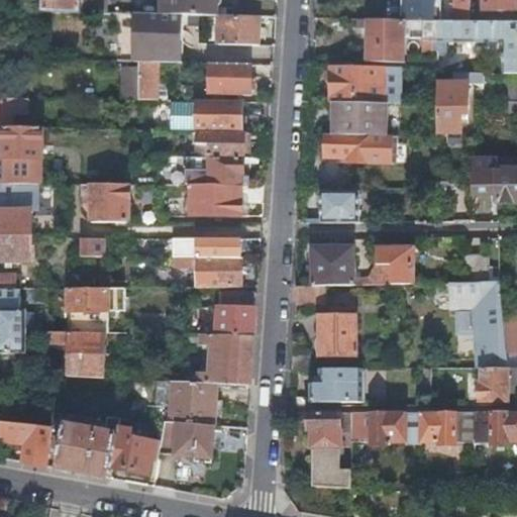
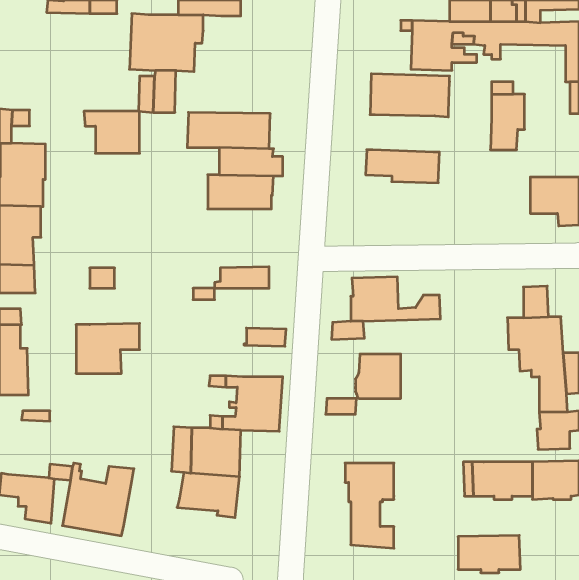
building: [217,14,258,44] -> none
building: [204,64,250,95] -> none
building: [331,102,387,135] -> none
building: [79,185,128,222] -> [84,111,140,153]
building: [190,186,262,217] -> none
building: [321,192,359,222] -> none
building: [377,247,412,284] -> none
building: [196,256,239,287] -> none
building: [211,307,253,335] -> none
building: [44,331,105,377] -> none
building: [309,368,361,401] -> none
building: [350,411,406,444] -> [458,535,520,573]
building: [110,428,160,475] -> none

